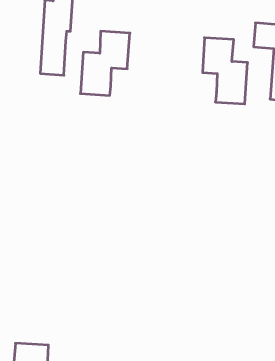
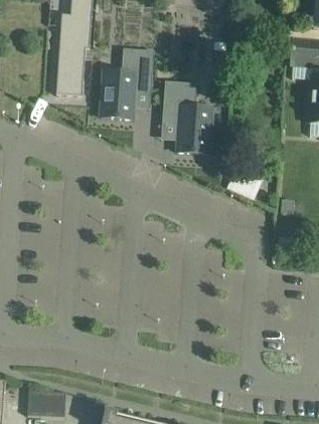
building: [203,38,248,104] -> [162,81,211,154]

